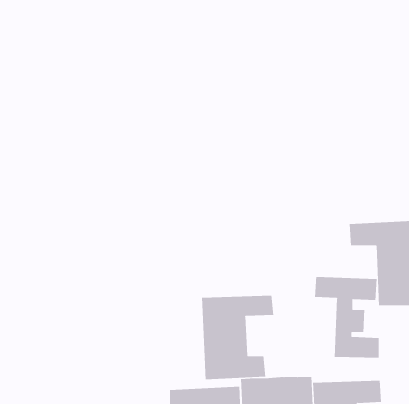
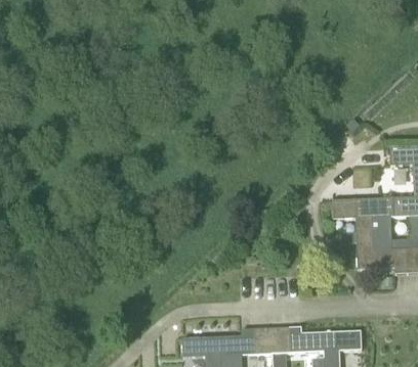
building: [315,276,379,359] -> none
building: [201,295,274,380] -> none

